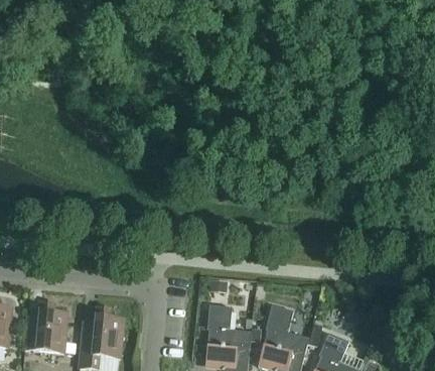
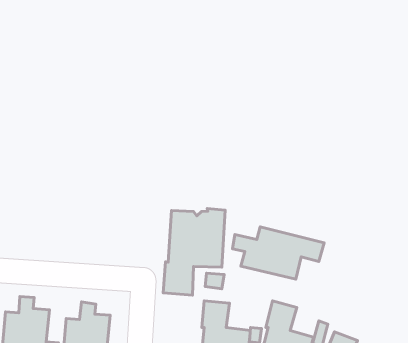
building: none -> [163,209,225,295]
building: none -> [233,227,324,279]

